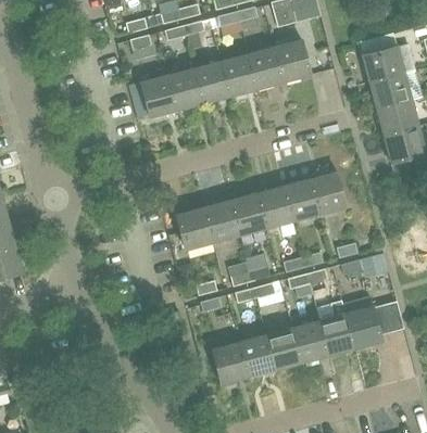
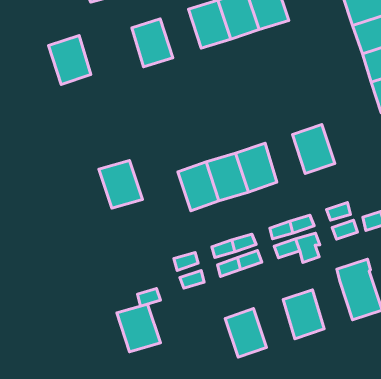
building: [194,61,230,104] -> none
building: [140,75,177,118] -> [48,36,91,85]
building: [284,179,318,221] -> none
building: [175,207,213,250] -> [99,160,142,208]
building: [319,301,354,356] -> none
building: [265,328,301,370] -> none
building: [211,342,249,384] -> [117,304,160,352]

